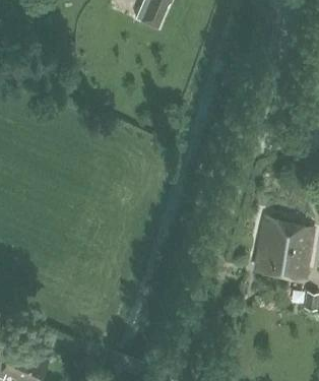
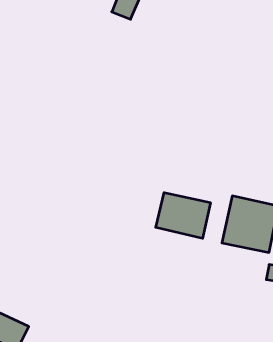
building: none -> [156,193,210,238]

